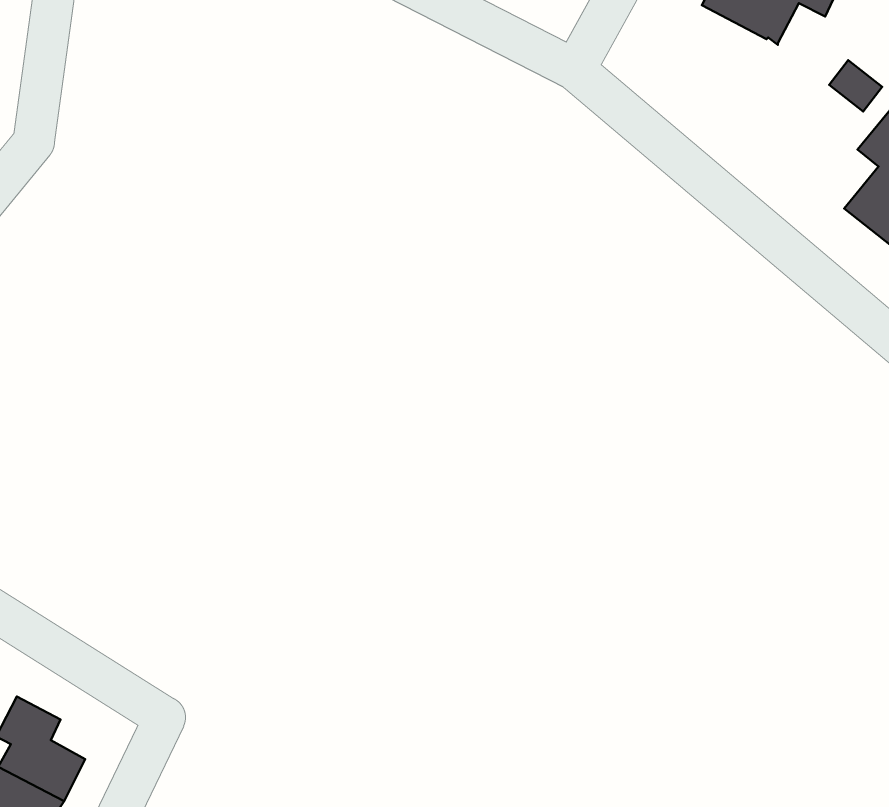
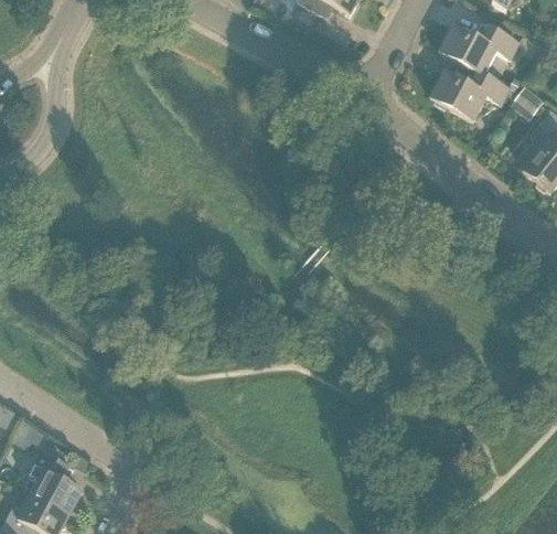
building: none -> [429,71,510,120]

